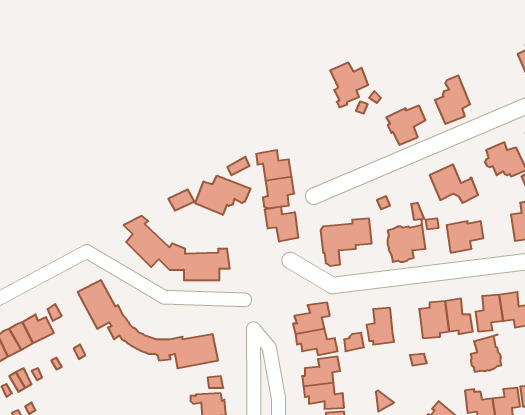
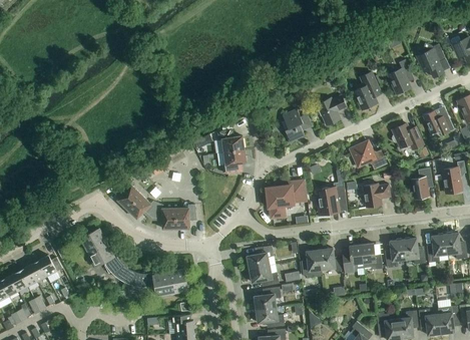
building: none -> [388,59,411,94]
building: [330,63,368,107] -> [283,109,312,143]
building: [195,176,250,215] -> none
building: [265,206,298,242] -> none
building: none -> [320,248,342,272]
building: [471,335,501,372] -> none

